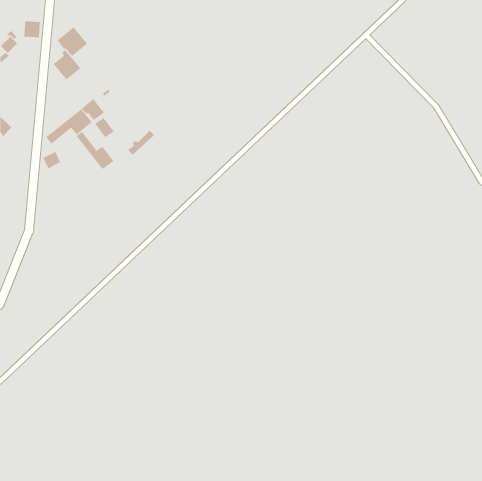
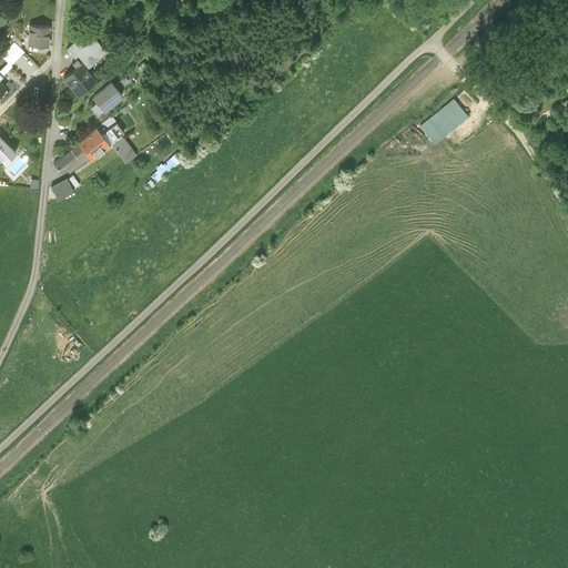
building: none -> [90,82,120,115]
building: none -> [419,99,469,145]
building: [76,131,114,170] -> none

